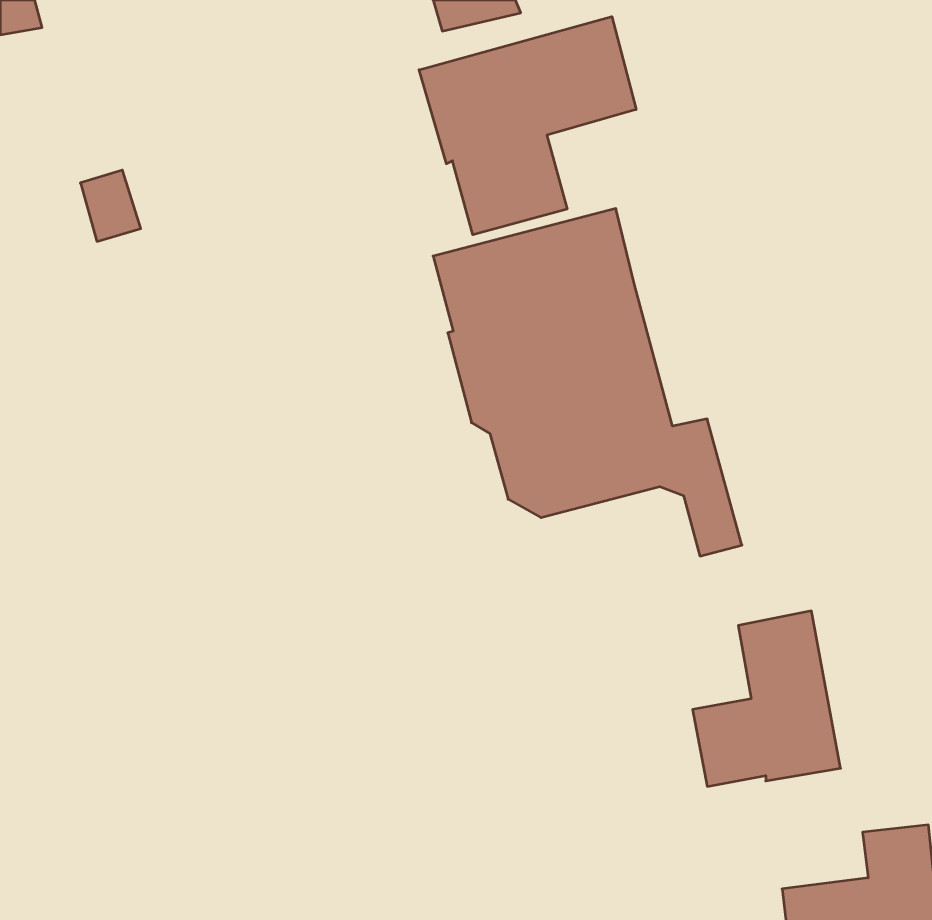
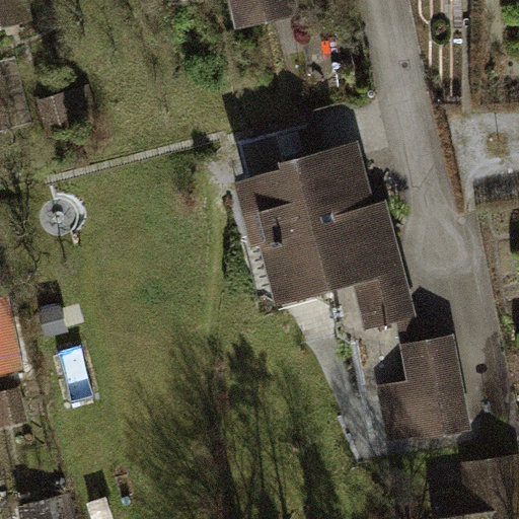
building: [419,17,636,235] -> none

